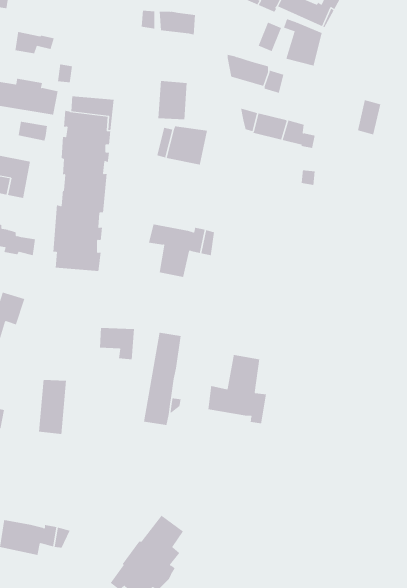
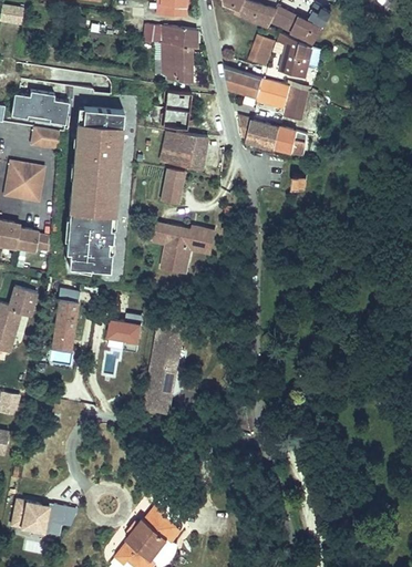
building: none -> [162,43,190,82]
building: [15,31,55,54] -> none
building: [357,99,381,135] -> [285,87,307,121]
building: none -> [161,169,183,205]
building: [208,354,267,424] -> none
building: [38,379,67,434] -> [49,300,75,351]

